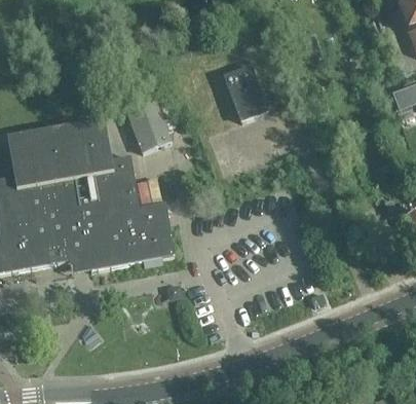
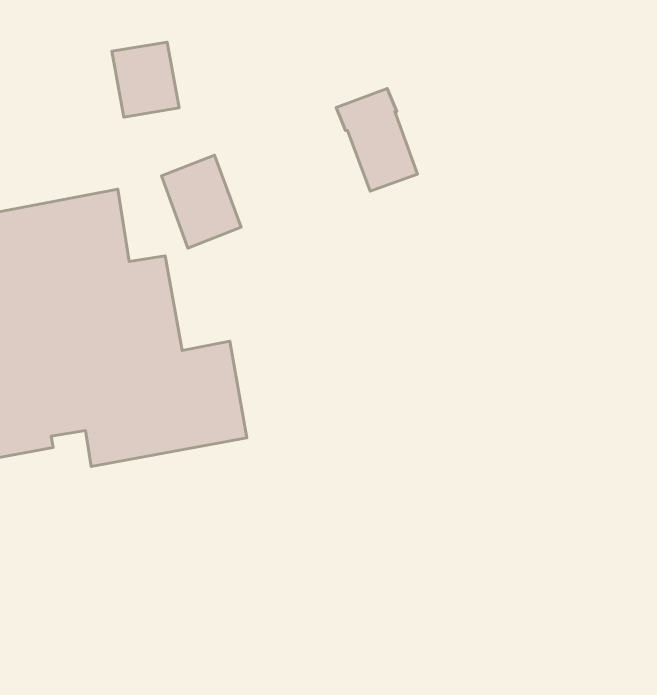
building: none -> [112,42,179,117]

